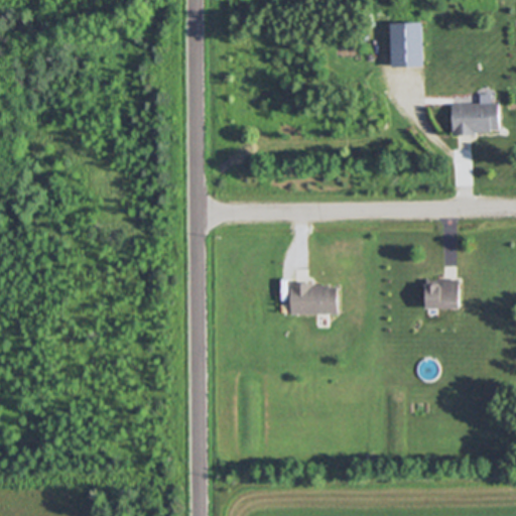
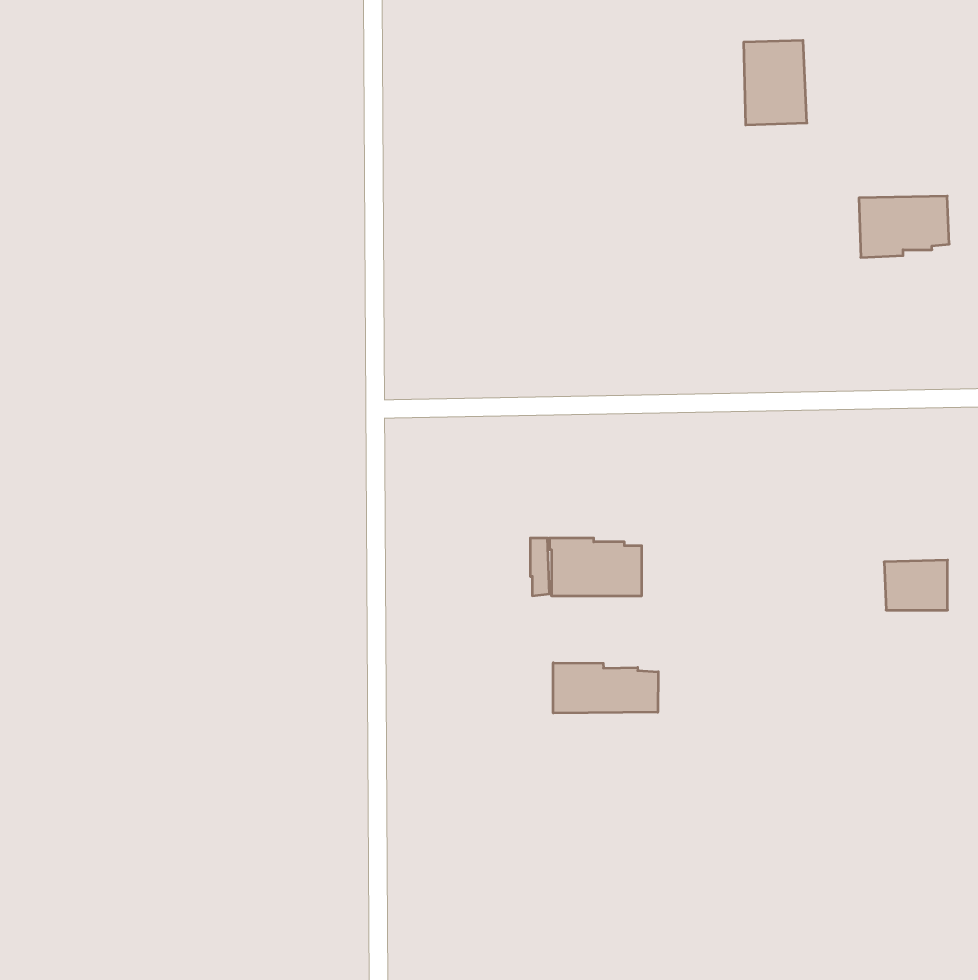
building: [424,280,458,306] -> [884,560,948,610]
building: none -> [553,663,658,713]

